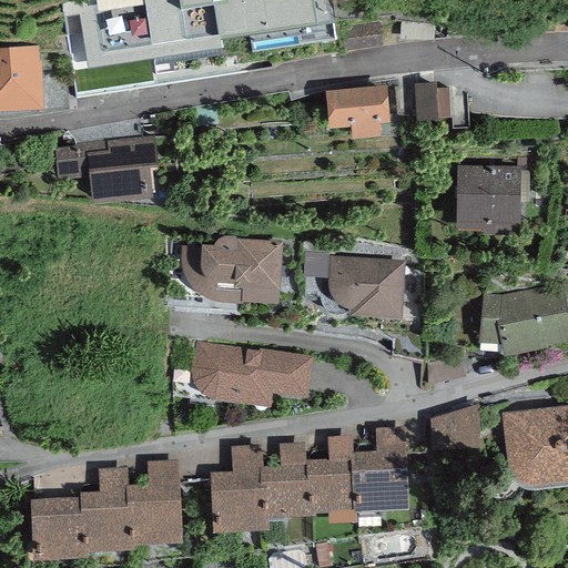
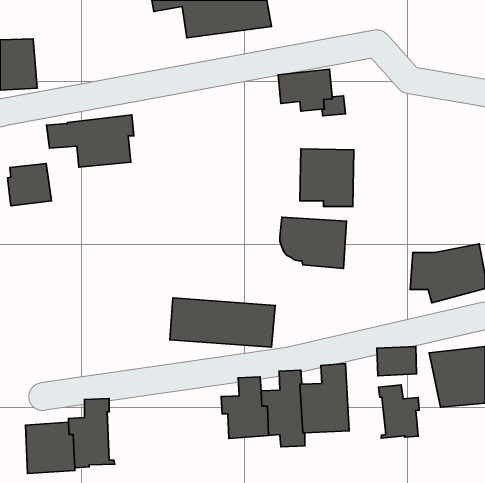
building: [420,80,455,114] -> none
building: [456,164,519,232] -> [300,149,354,207]
building: none -> [7,163,51,206]
building: [180,236,283,303] -> none
building: [209,445,268,529] -> none
building: none -> [378,385,419,438]
building: [125,460,182,540] -> none

